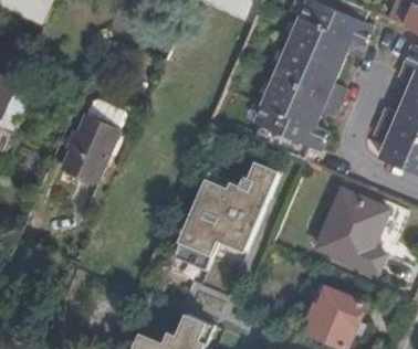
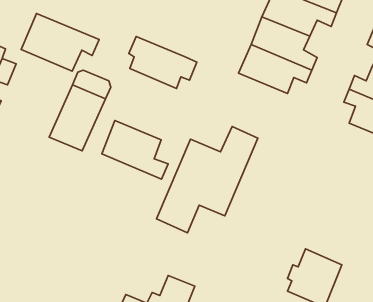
building: none -> [21,13,99,71]
building: [250,105,321,159] -> [129,36,197,89]
building: none -> [102,120,168,179]
building: [315,190,388,272] -> none

